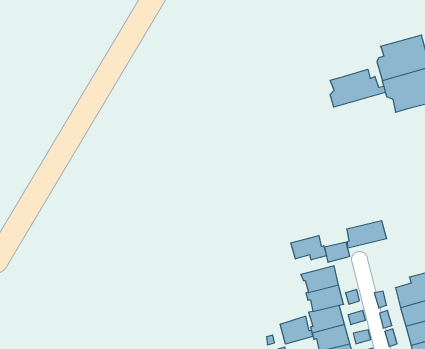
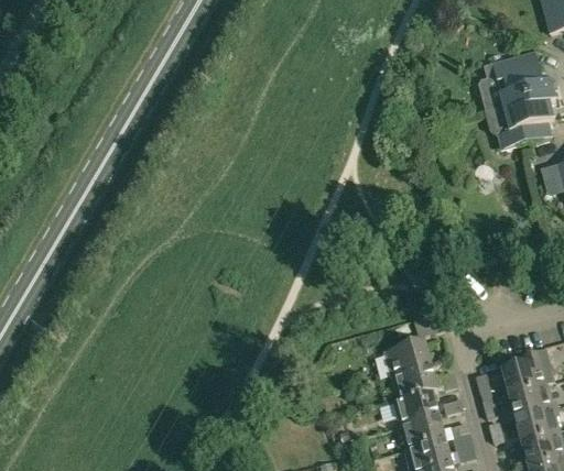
building: [330,69,385,107] -> none
building: [347,221,387,248] -> none
building: [291,235,326,260] -> none
building: [280,316,313,344] -> none

